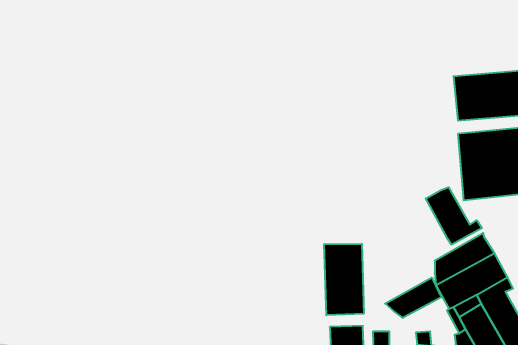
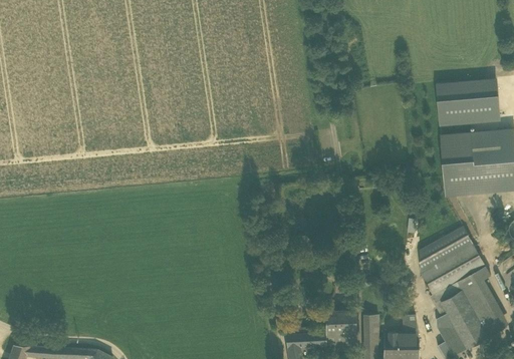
building: [426,187,482,245] -> none
building: [324,244,364,315] -> none
building: [385,278,442,318] -> none

